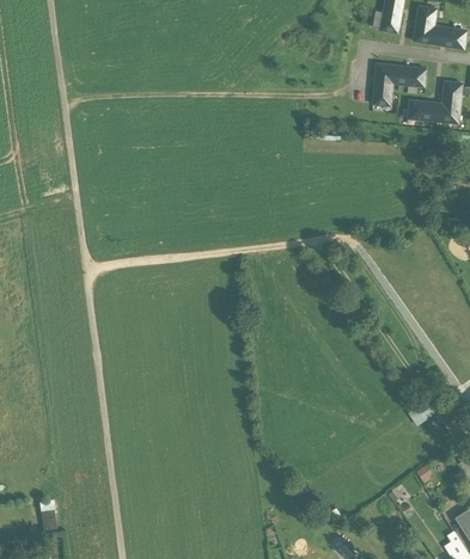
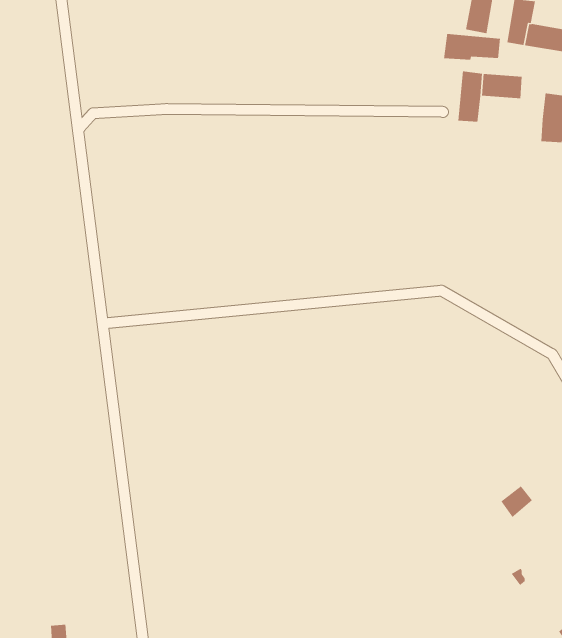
building: none -> [444,33,500,60]
building: [407,100,440,121] -> none

